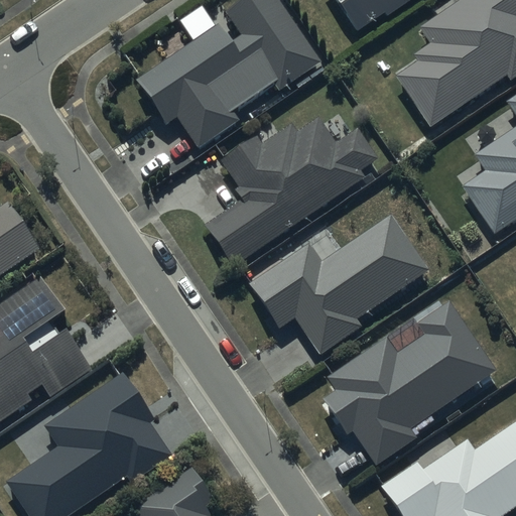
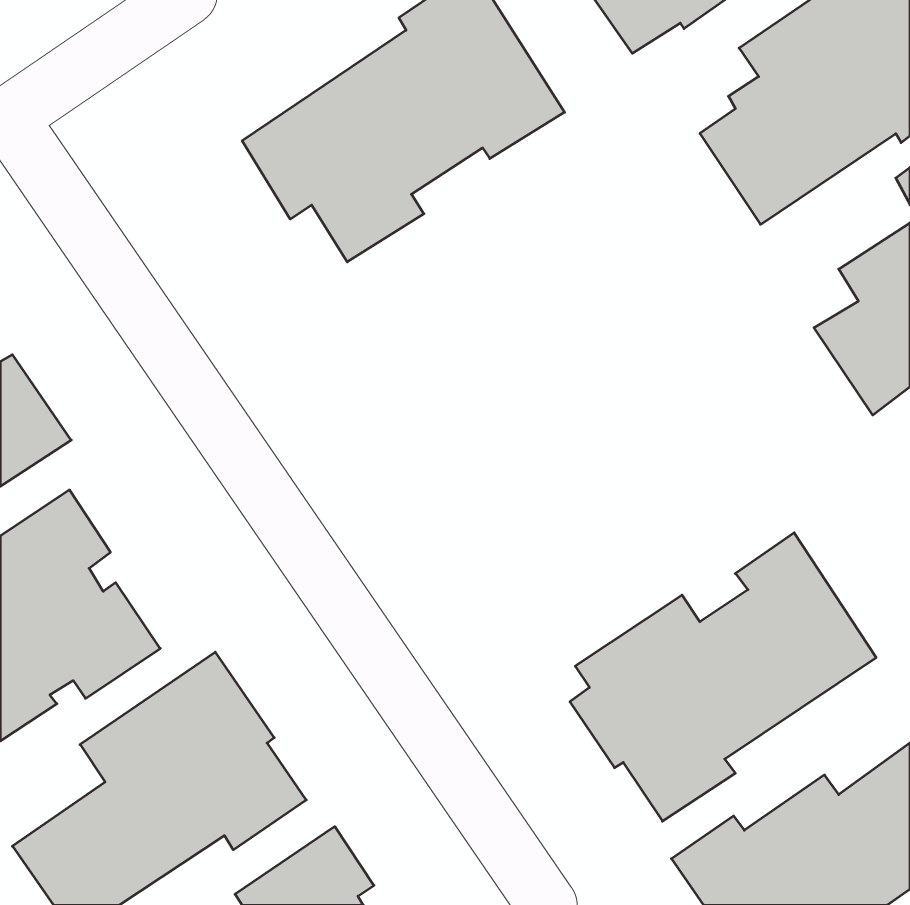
building: [204,116,378,266] -> none
building: [249,215,428,353] -> none

